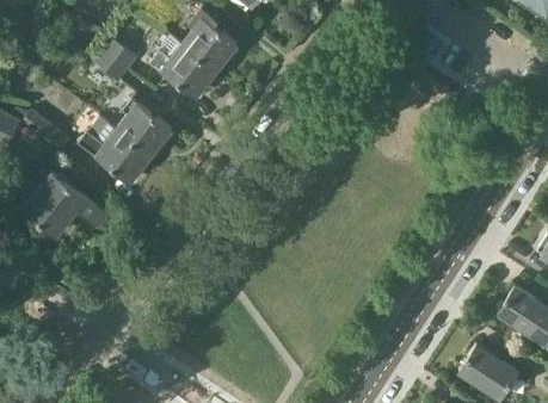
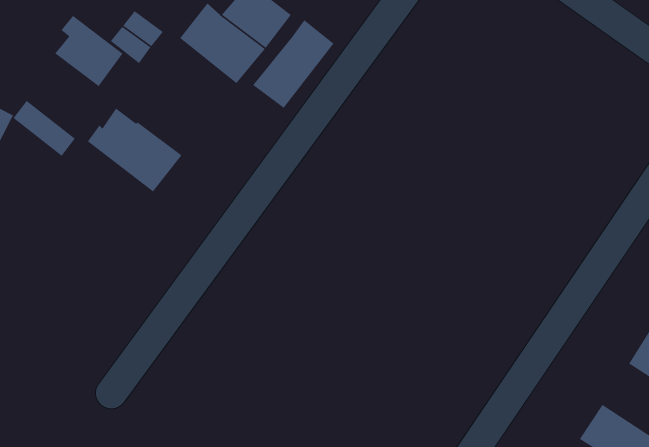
building: none -> [252,19,334,109]
building: [117,97,171,153] -> [54,15,124,87]
building: [23,173,106,237] -> none

